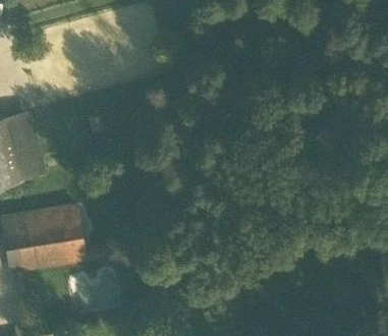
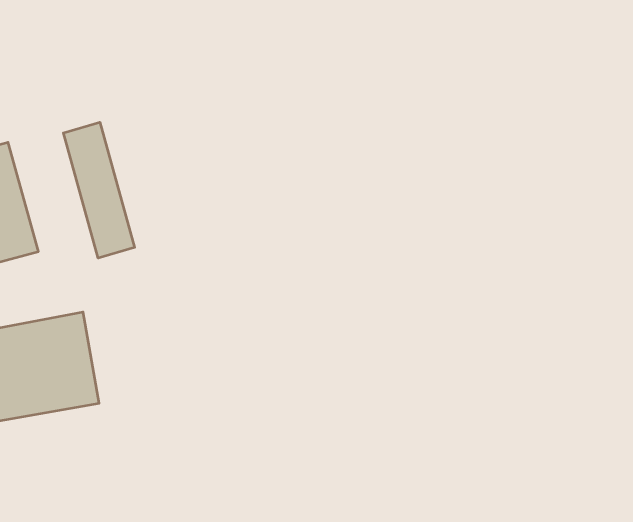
building: none -> [63,122,135,258]

